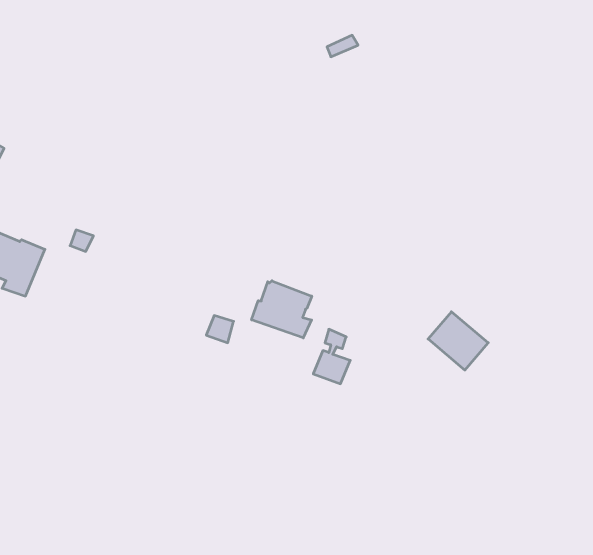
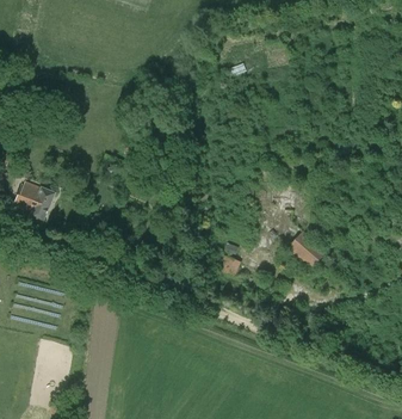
building: [252,281,312,338] -> none

